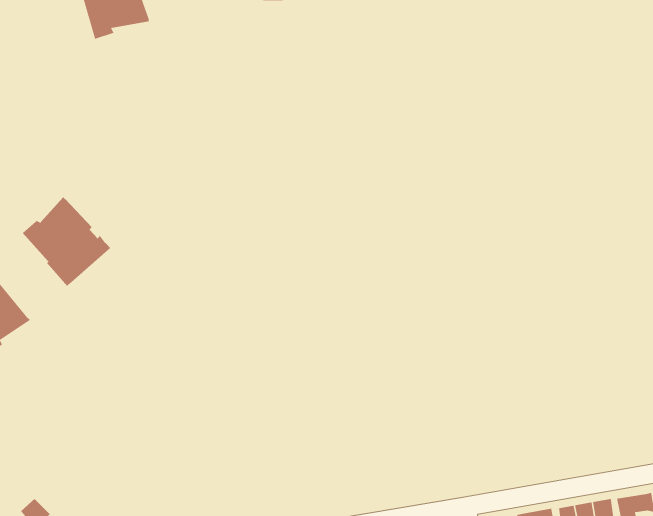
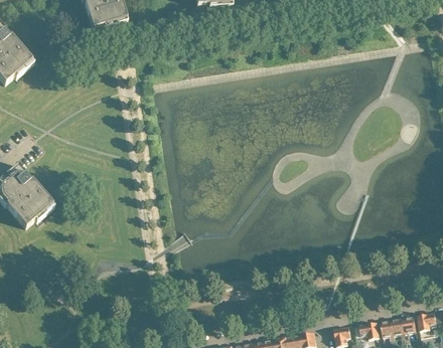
building: [22,195,111,287] -> none

